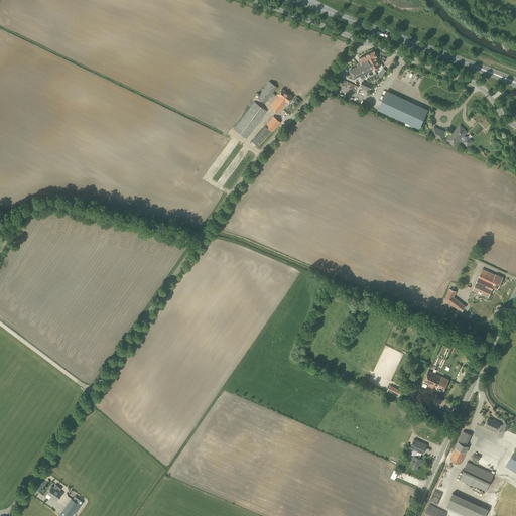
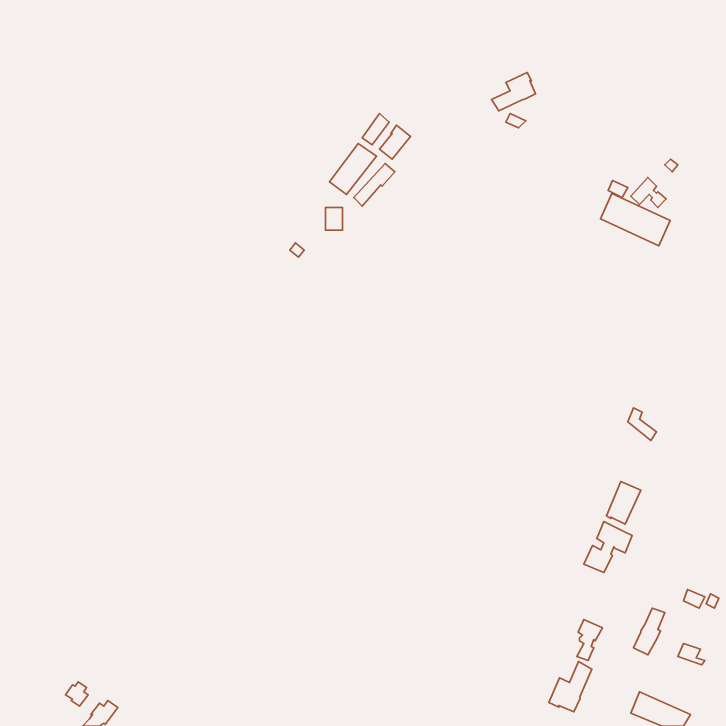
building: [378,91,427,128] -> [601,193,670,246]
building: [473,269,502,297] -> none
building: [459,462,494,492] -> none
building: none -> [549,661,592,712]

